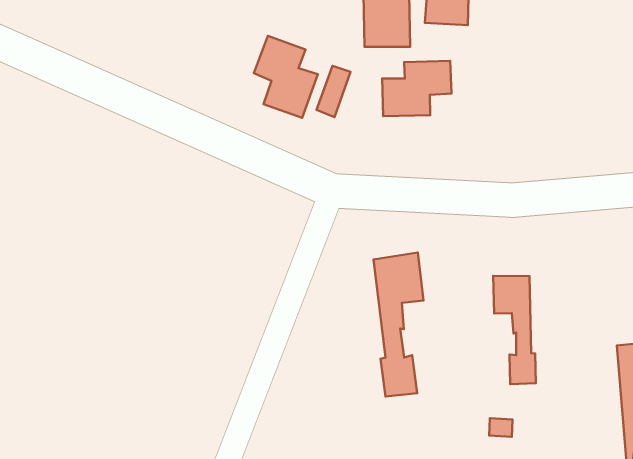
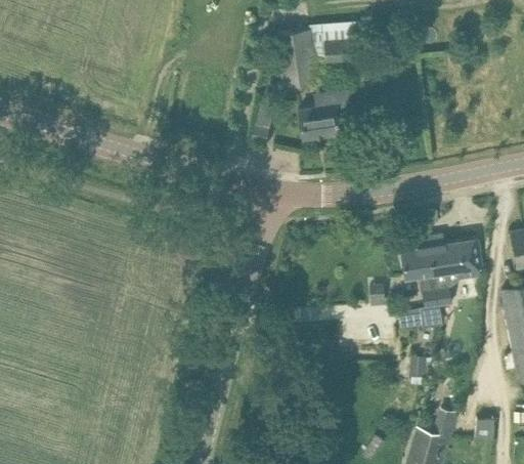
building: [254,36,318,118] -> none
building: [373,252,424,396] -> none
building: none -> [427,237,481,305]

